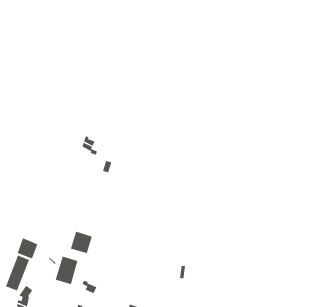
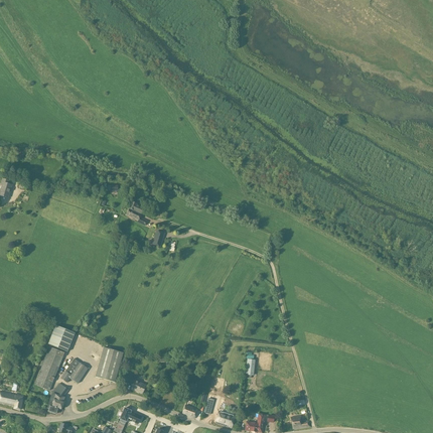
building: [70,231,92,254] -> none
building: none -> [60,357,88,383]

